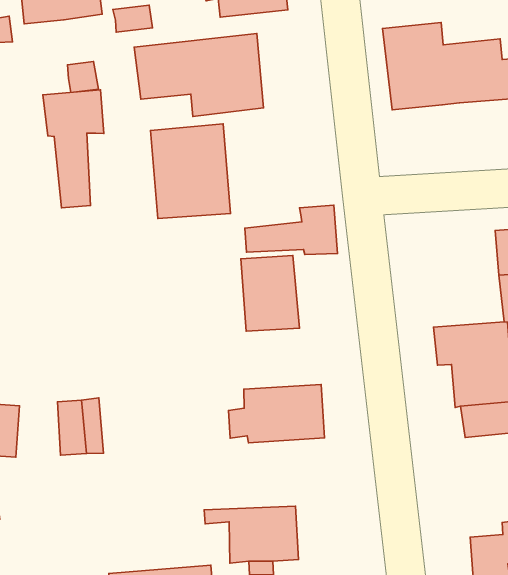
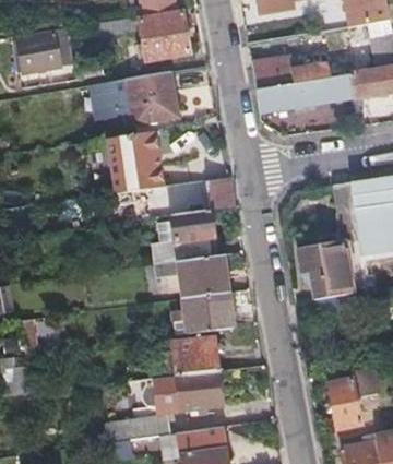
building: [43,90,104,208] -> none
building: none -> [164,254,229,297]
building: none -> [121,335,218,380]

